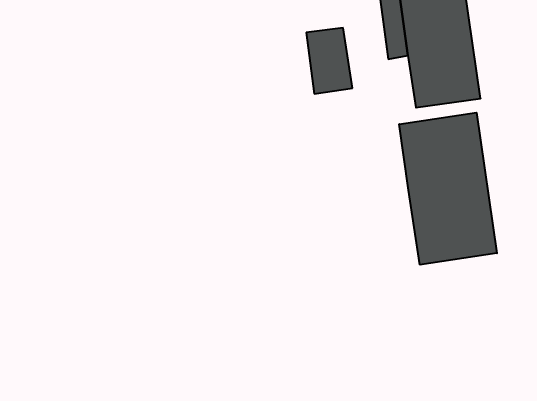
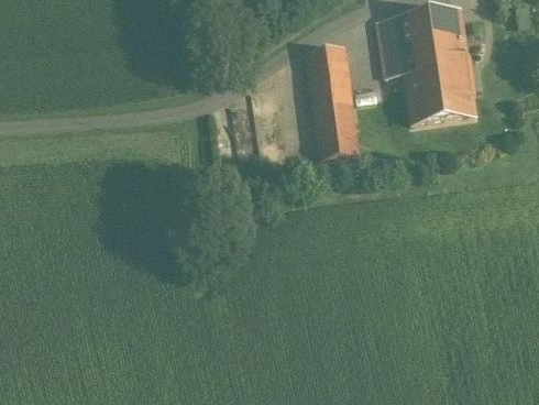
building: none -> [316,101,359,157]
building: [399,113,497,265] -> none

